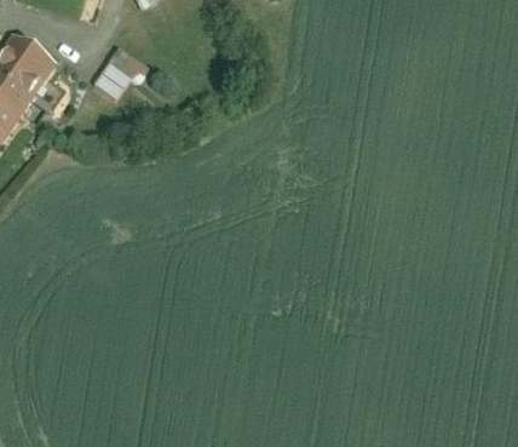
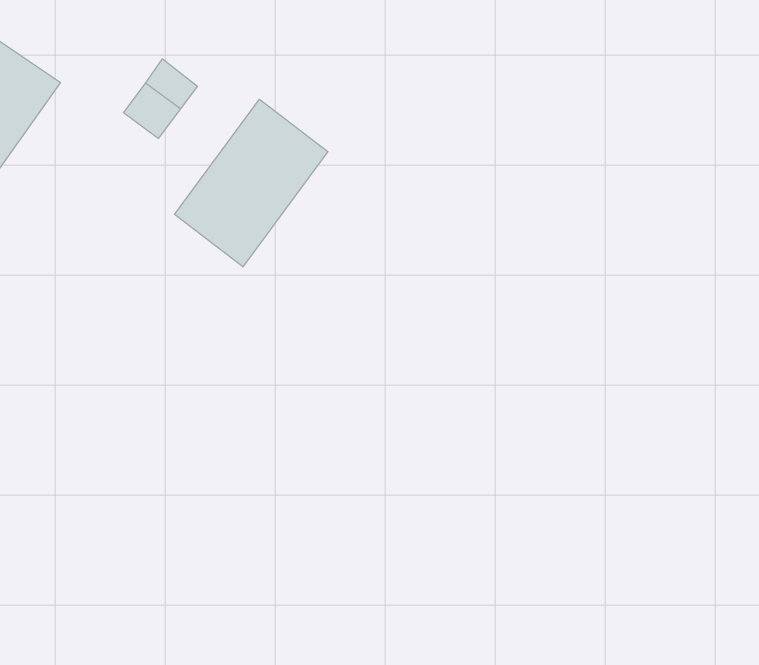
building: none -> [175,99,328,267]

